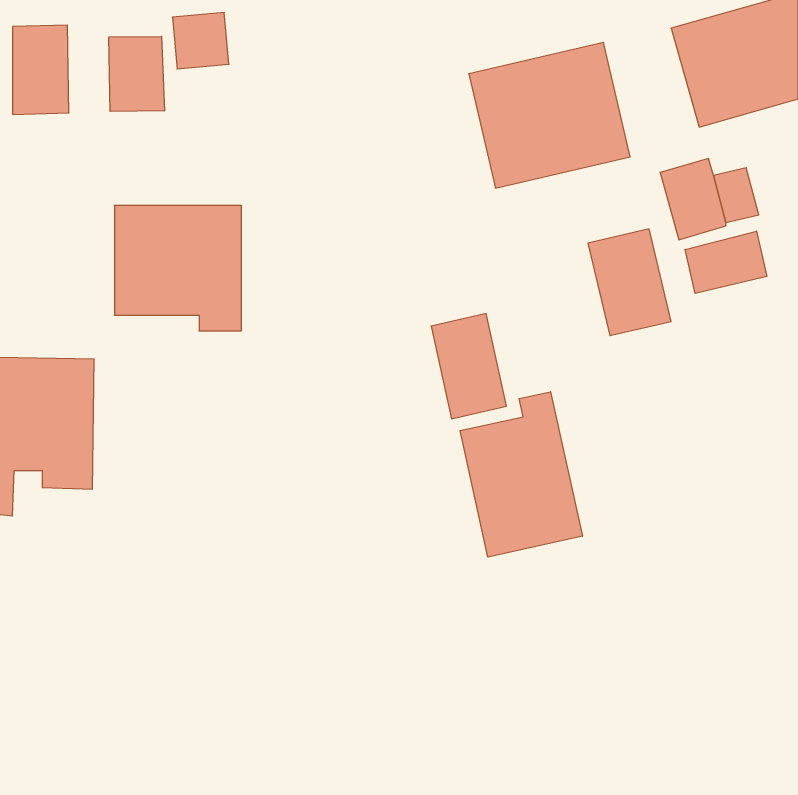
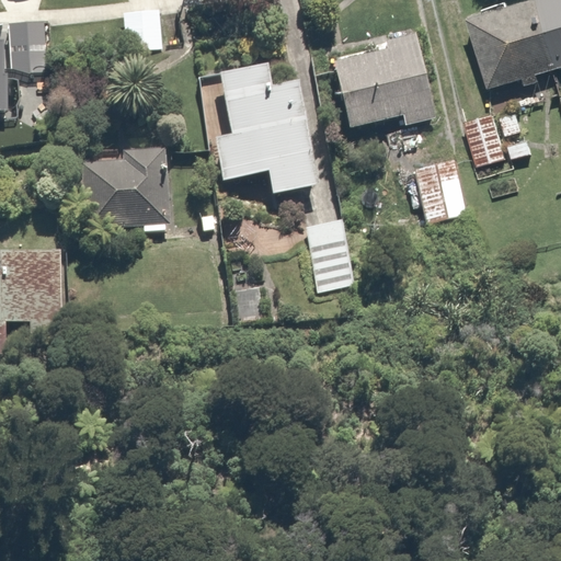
building: [109,36,164,111] -> none
building: none -> [195,61,327,206]
building: [685,231,767,293] -> none
building: [460,392,582,557] -> none

